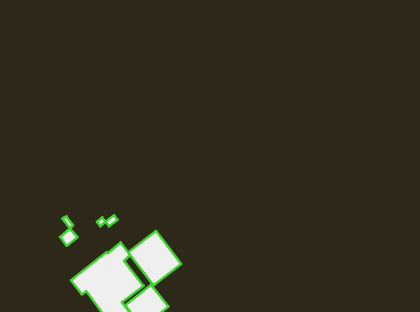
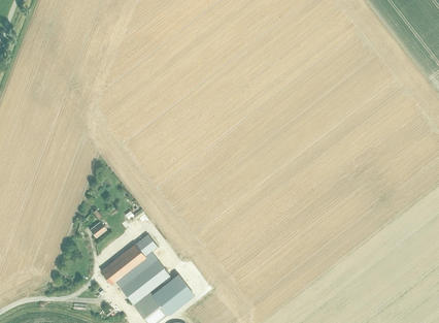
building: [128,231,181,285] -> none

